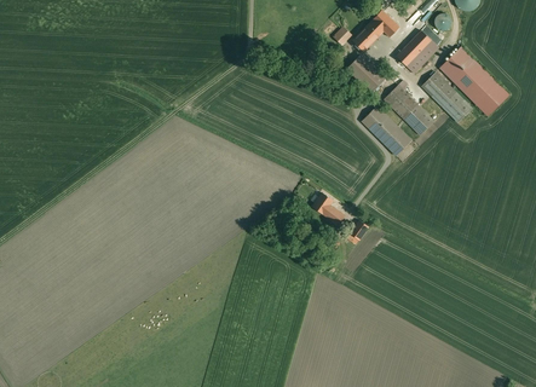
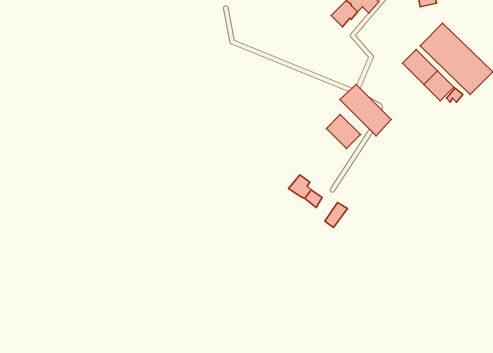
building: [397,30,438,67] -> none
building: [348,54,386,89] -> none
building: [385,86,417,119] -> [327,115,360,148]

